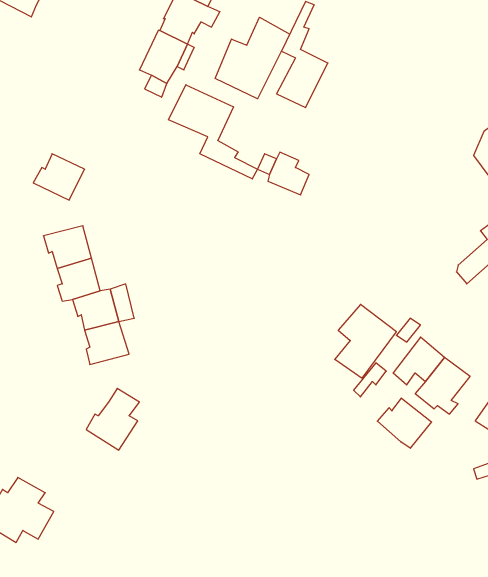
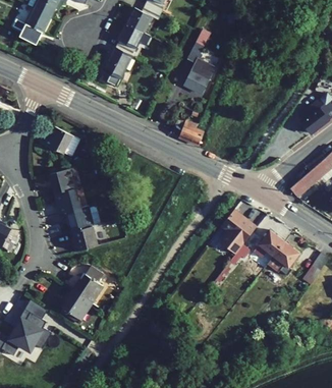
building: [215,17,290,99] -> none
building: [169,85,258,179] -> none
building: [377,398,432,448] -> none
building: none -> [61,285,91,315]

